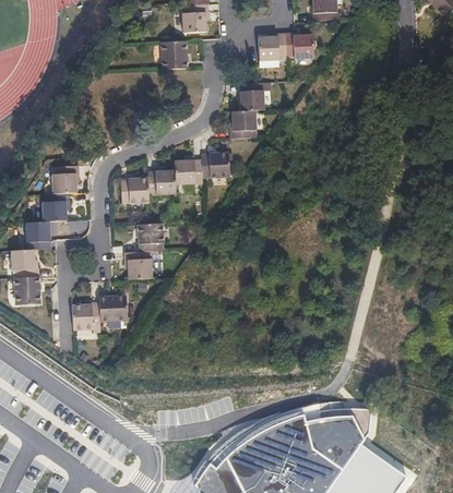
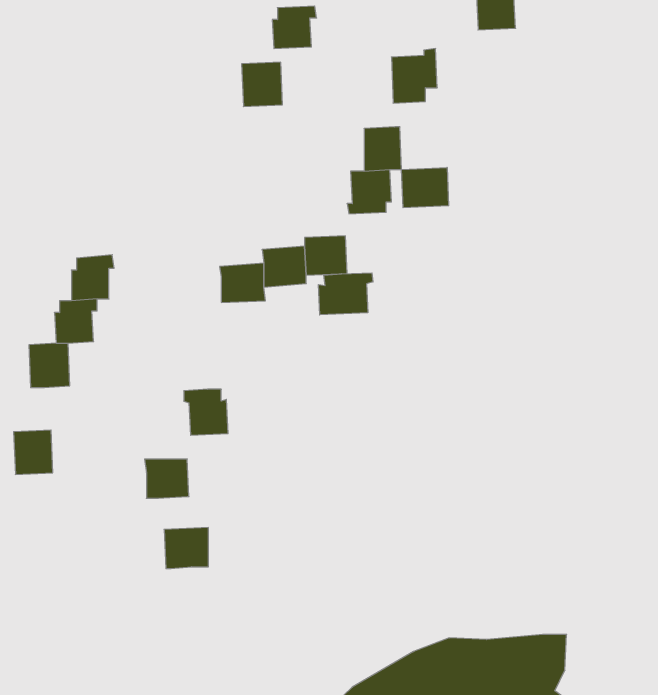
building: [286,33,313,59] -> none
building: none -> [402,167,449,208]
building: none -> [318,273,373,315]
building: [121,179,148,204] -> none
building: [139,224,165,251] -> none
building: [11,250,39,278] -> none
building: [72,304,100,330] -> [164,528,208,569]

